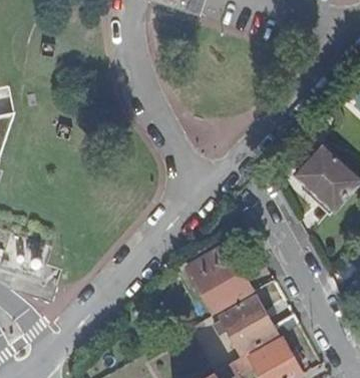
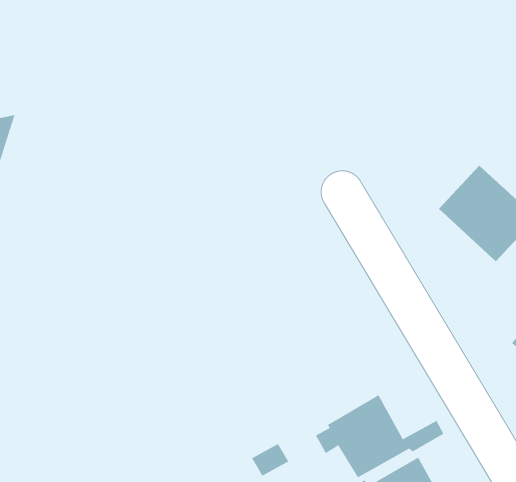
building: [188,242,254,312] -> none

